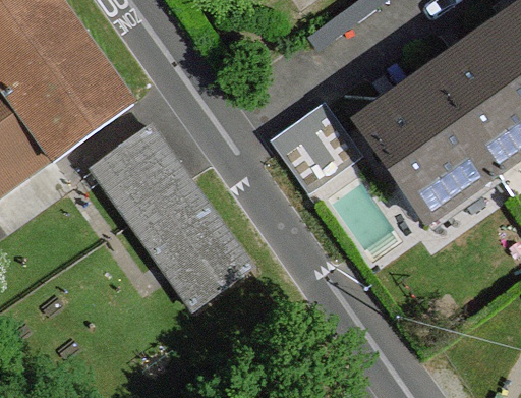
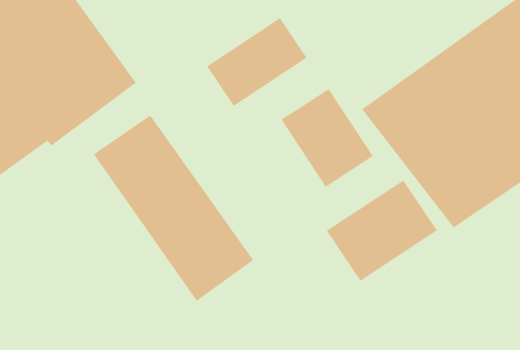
building: none -> [206,17,308,107]
building: none -> [326,179,438,282]

